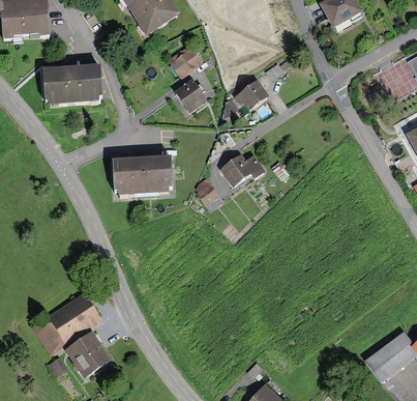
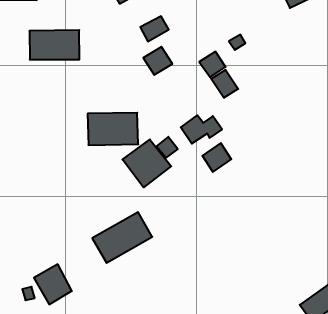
building: none -> [211,70,238,98]
building: none -> [202,143,231,172]
building: none -> [122,139,171,187]
building: [32,291,99,350] -> [92,212,152,263]

